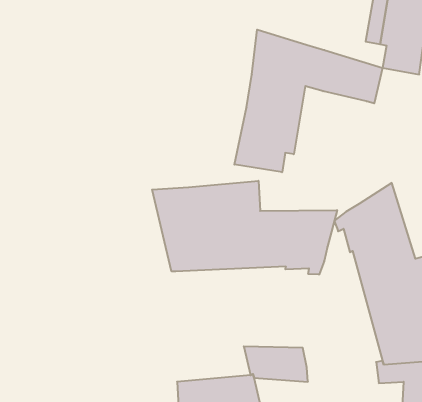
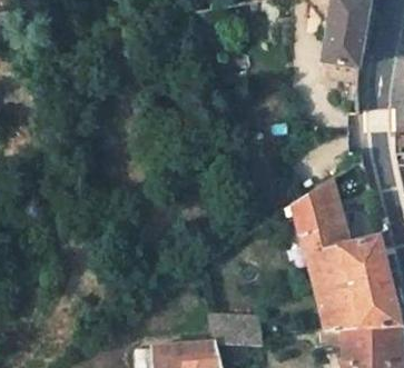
building: [234,30,383,172] -> none
building: [152,181,337,275] -> none

